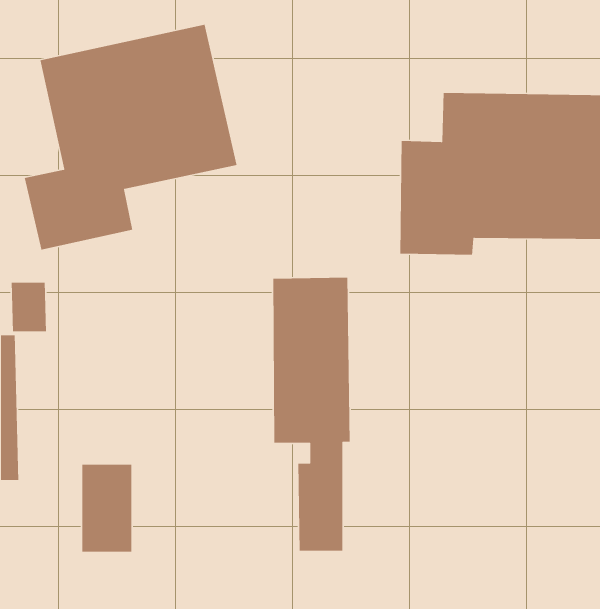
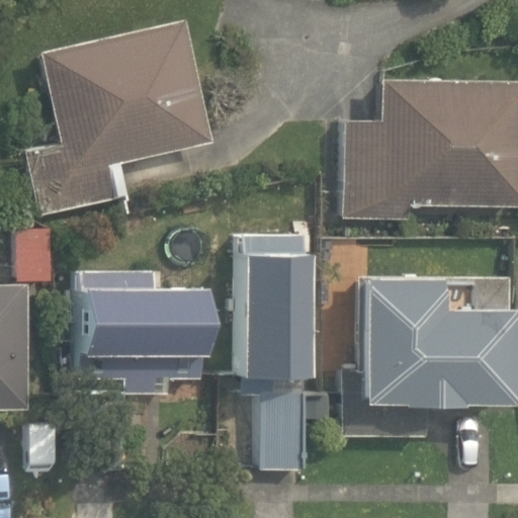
building: none -> [80,271,204,394]
building: none -> [347,278,505,435]

